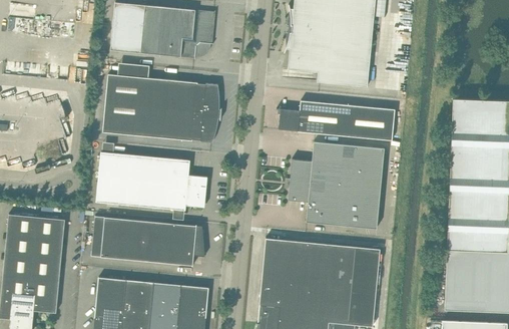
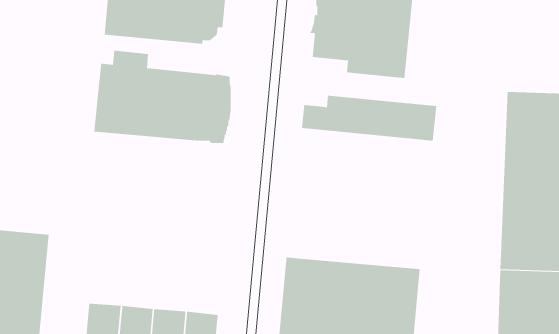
building: [289,141,384,229] -> none
building: [96,142,207,221] -> none
building: [91,217,205,267] -> none

